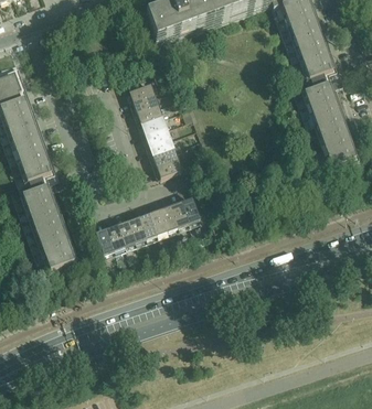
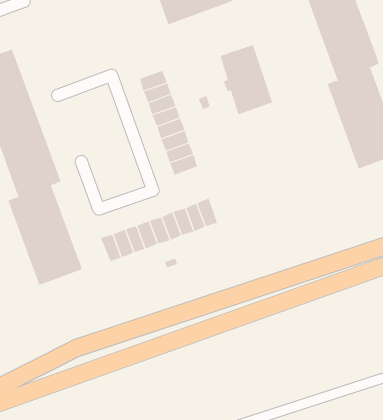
building: none -> [220,44,273,115]

